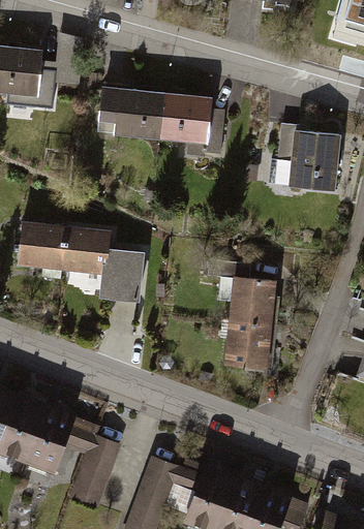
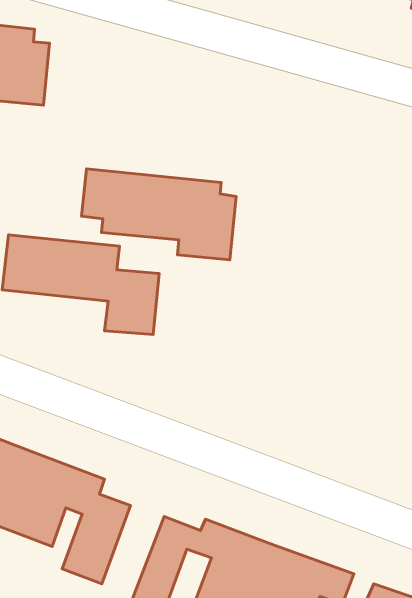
building: [97,86,225,161] -> [82,169,236,260]
building: [274,122,343,194] -> none
building: [217,261,279,371] -> none

